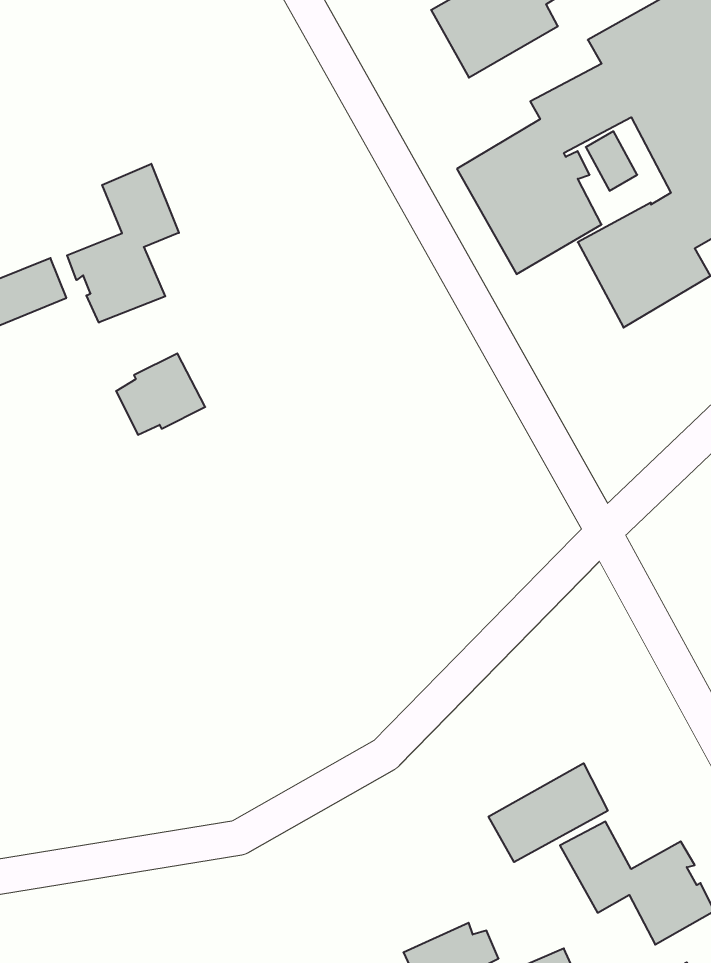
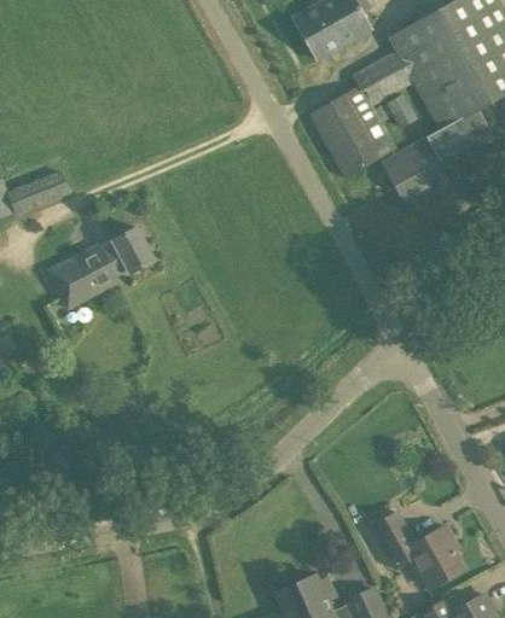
building: [67,164,179,323] -> none
building: none -> [48,244,118,309]
building: [489,763,608,862] -> none

